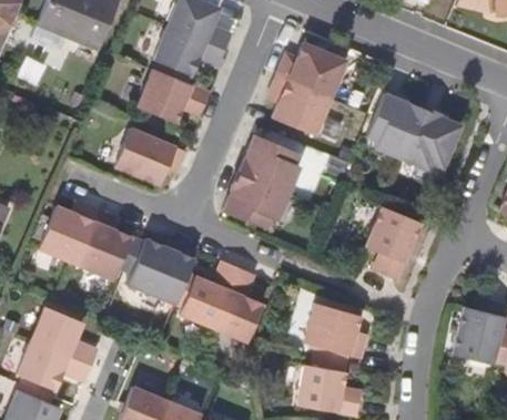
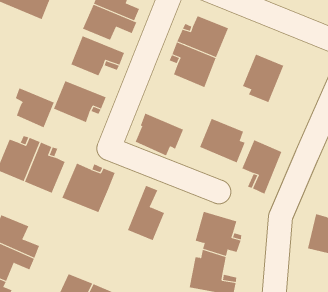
building: [403,106,462,170] -> none
building: [237,134,301,194] -> [198,118,245,163]
building: none -> [15,87,55,128]
building: [176,262,239,328] -> none

